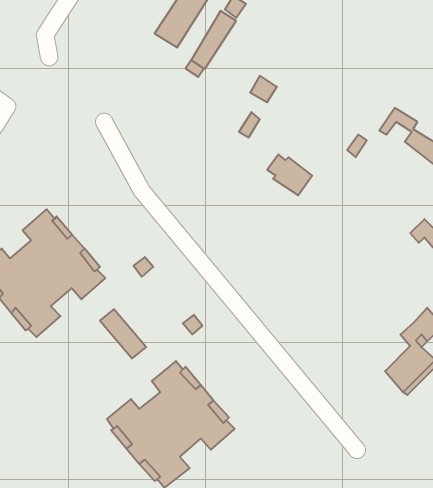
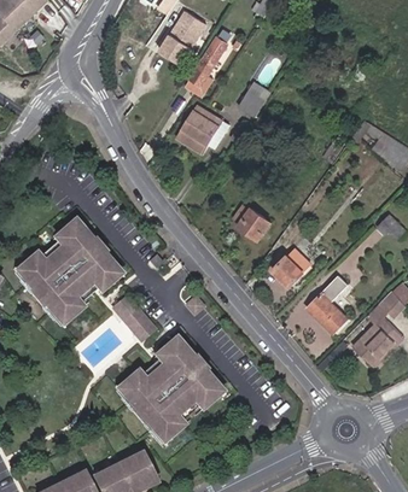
building: none -> [176,104,229,152]
building: [267,154,312,195] -> [232,204,270,239]
building: none -> [270,246,310,287]
building: none -> [305,276,346,333]

